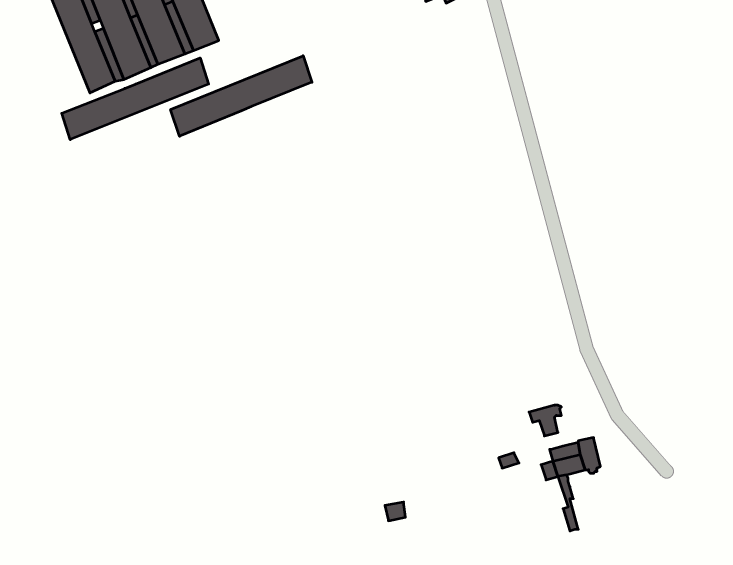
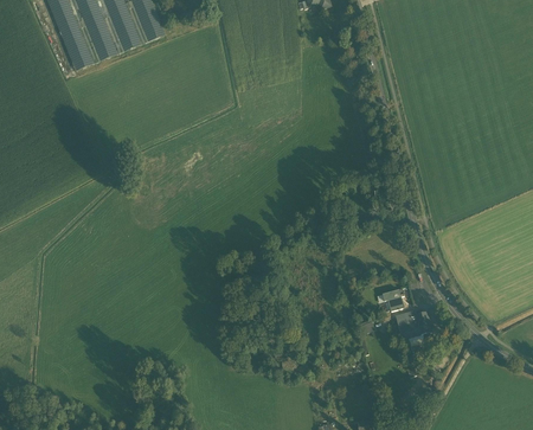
building: [171,56,312,136] -> none
building: [62,58,209,140] -> none

